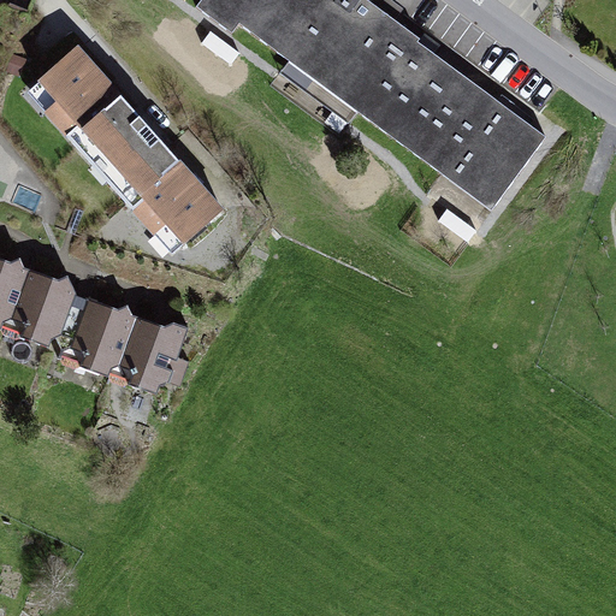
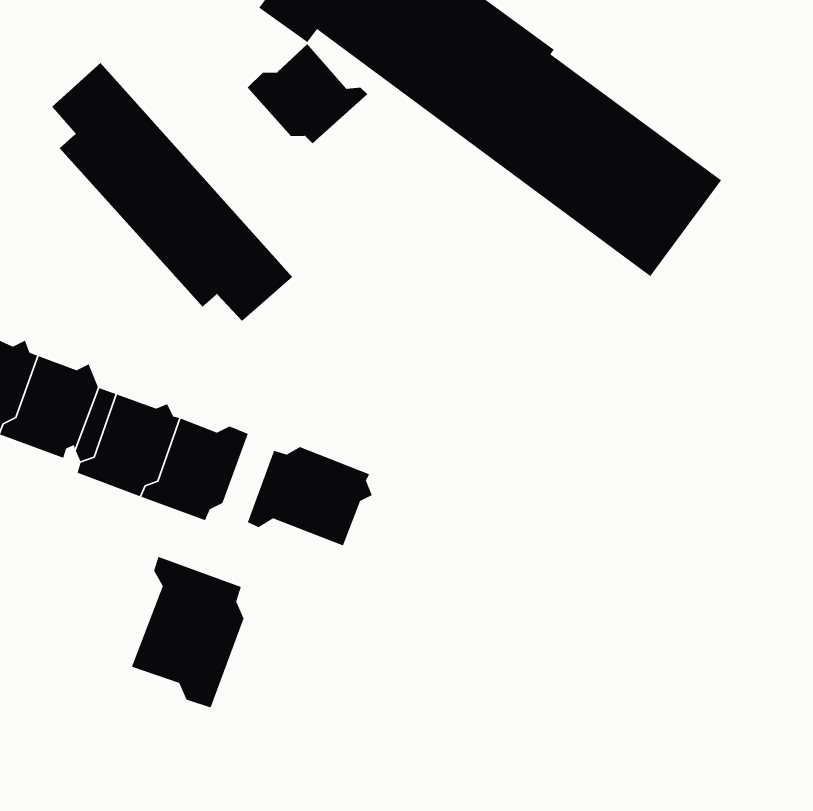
building: none -> [247,43,368,144]
building: none -> [247,446,373,547]
building: none -> [131,556,244,708]

